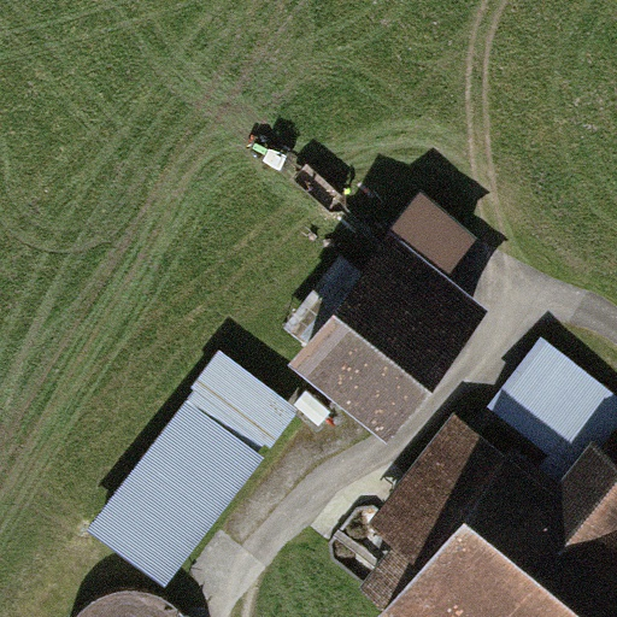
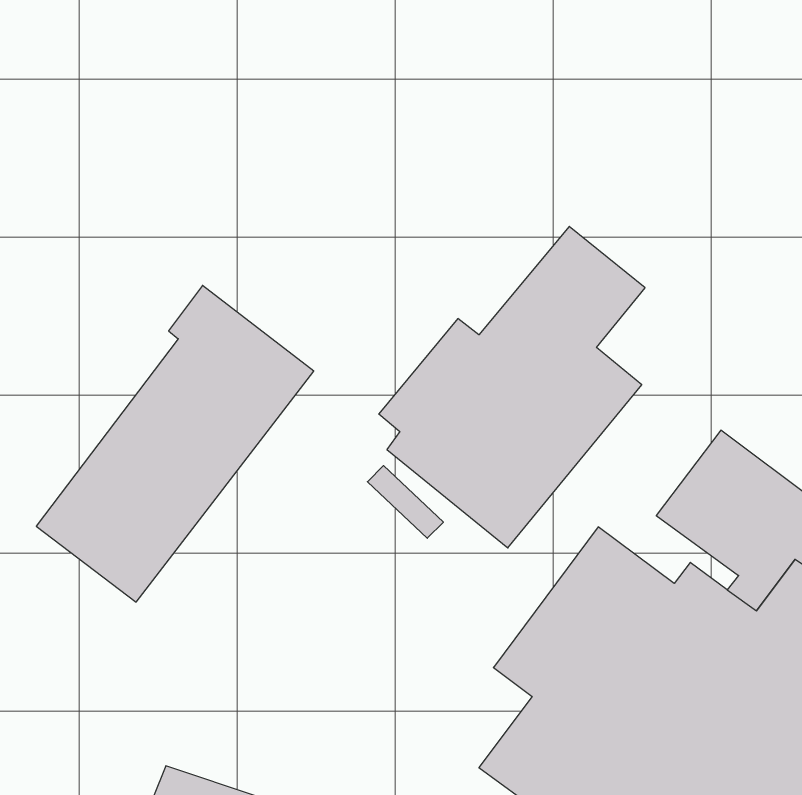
building: [88,352,295,588] -> [36,285,314,602]

